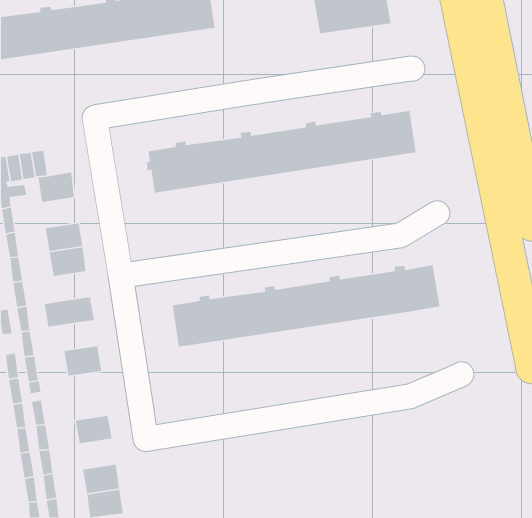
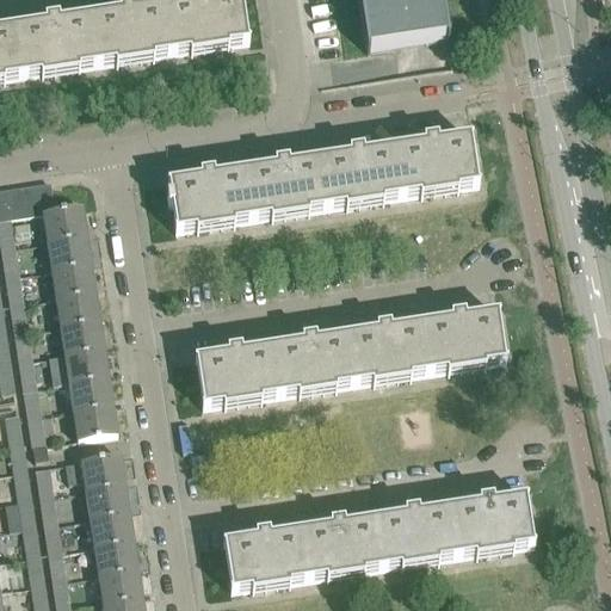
building: none -> [48,227,91,261]
building: none -> [61,311,104,346]
building: none -> [69,368,112,402]
building: none -> [64,446,124,482]
building: none -> [223,488,532,582]
building: none -> [91,504,134,538]

